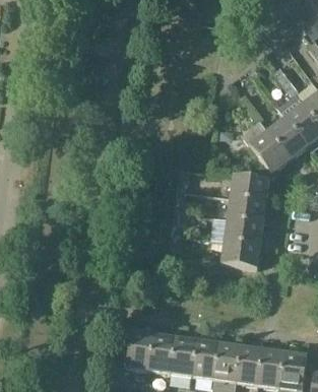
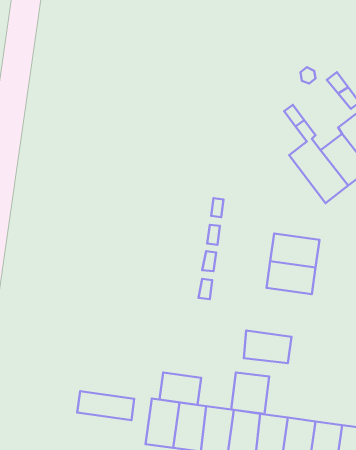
building: [230,173,269,201] -> none
building: [221,240,260,266] -> [244,330,292,363]
building: none -> [231,372,269,414]
building: none -> [159,373,201,405]
building: none -> [77,391,134,420]

